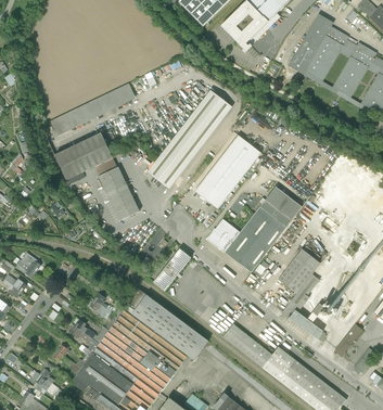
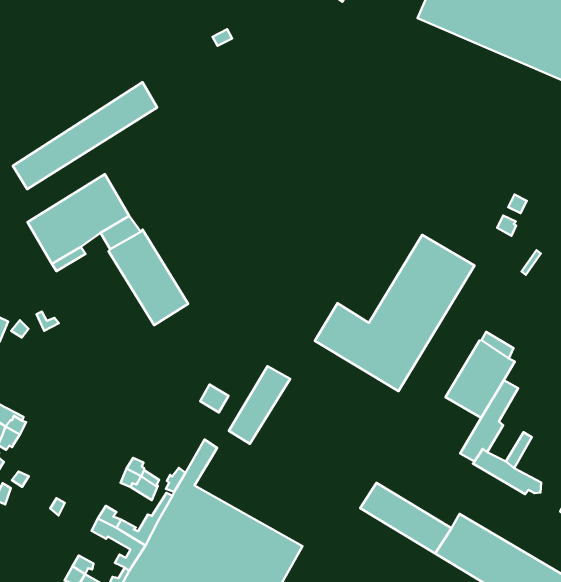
building: [146,90,231,189] -> none
building: [193,134,260,208] -> none
building: [130,293,208,359] -> none

